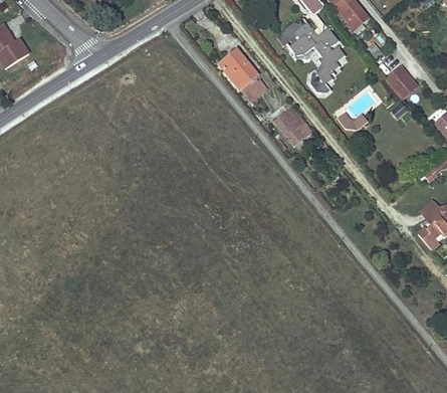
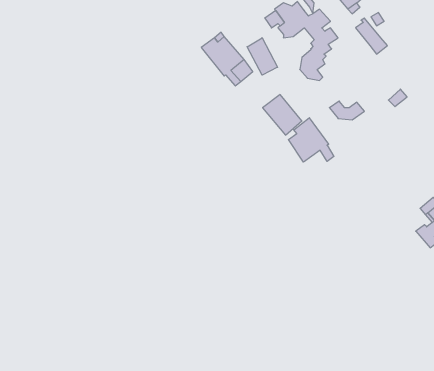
building: none -> [247,38,278,75]
building: [386,66,417,99] -> none
building: none -> [288,118,334,162]

